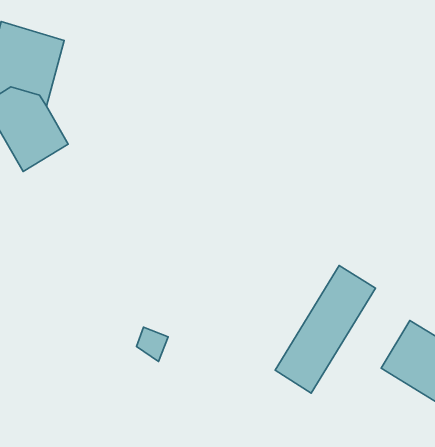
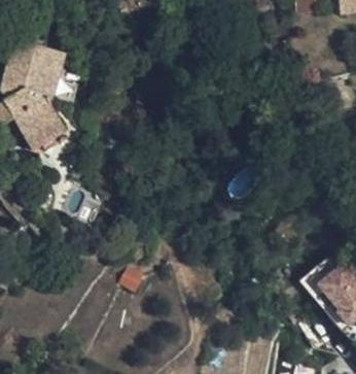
building: [275,265,375,393] -> none

